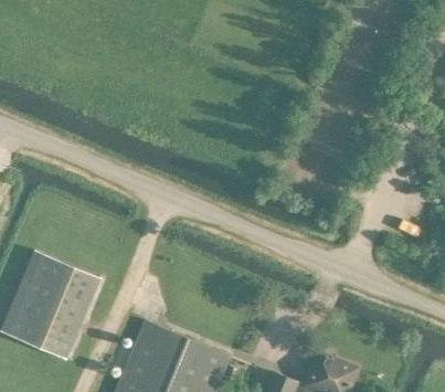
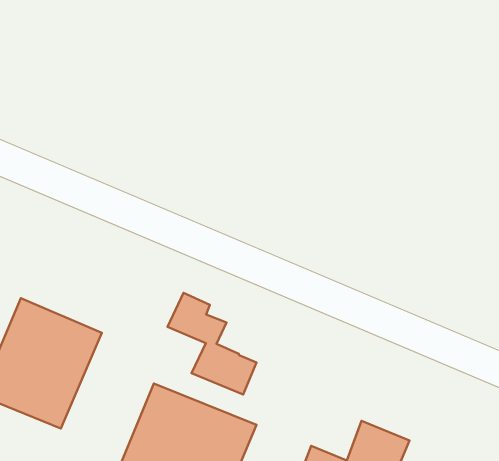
building: none -> [167,293,256,395]

